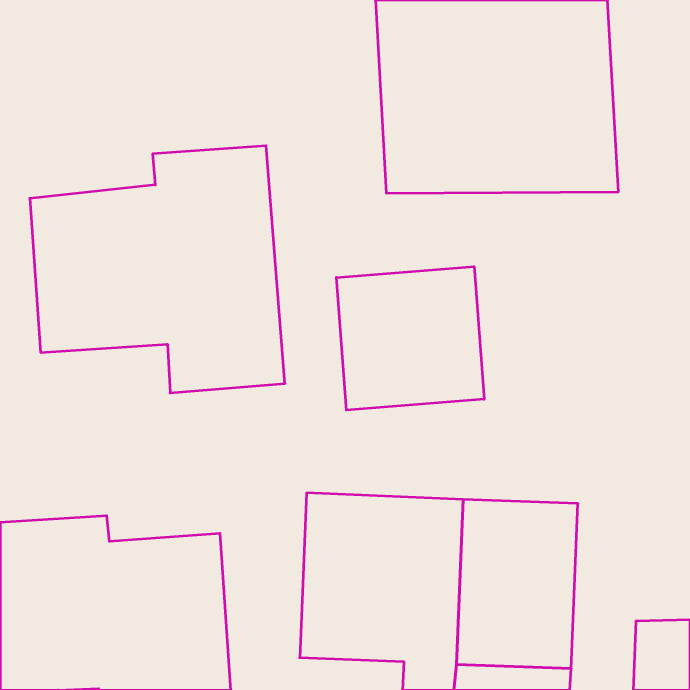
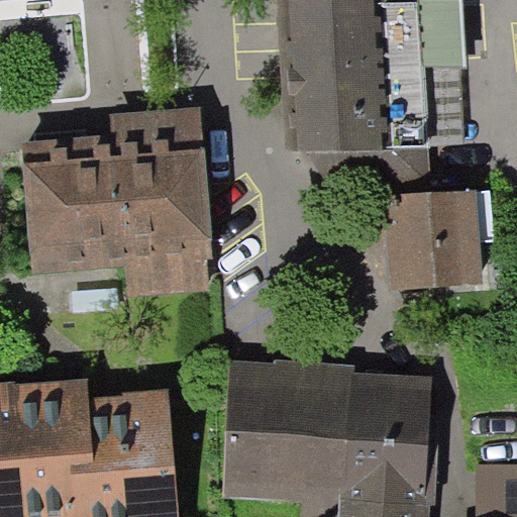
building: none -> [391,188,495,282]
building: [336,267,484,410] -> none

